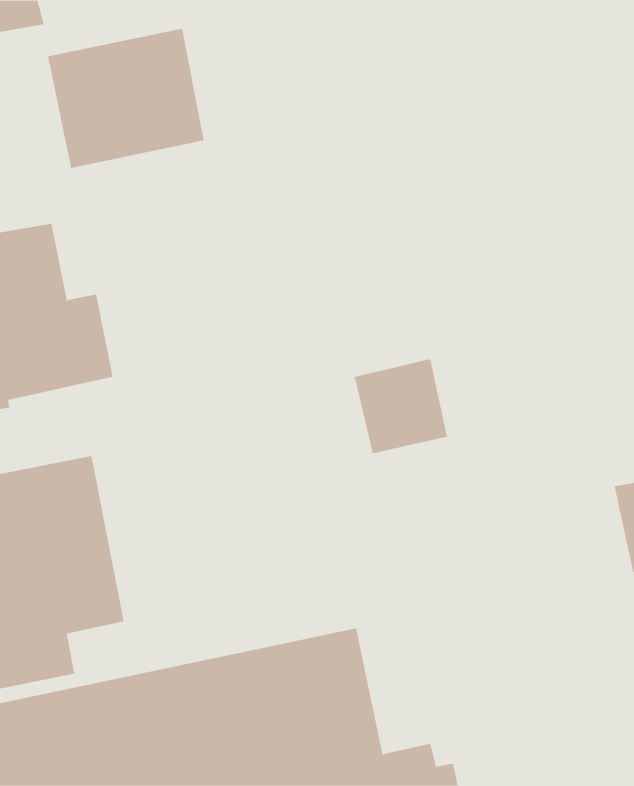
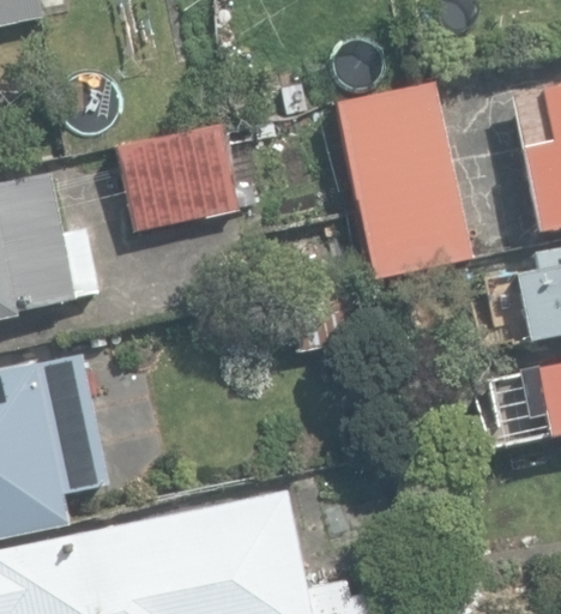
building: [47,28,204,168] -> [117,125,240,234]
building: none -> [336,83,470,279]

